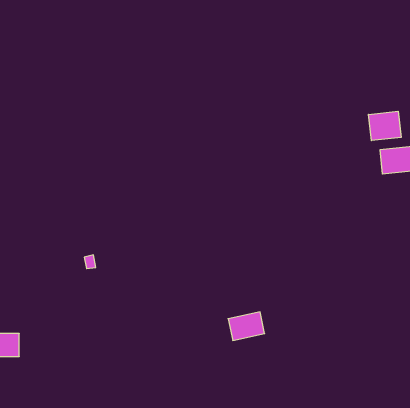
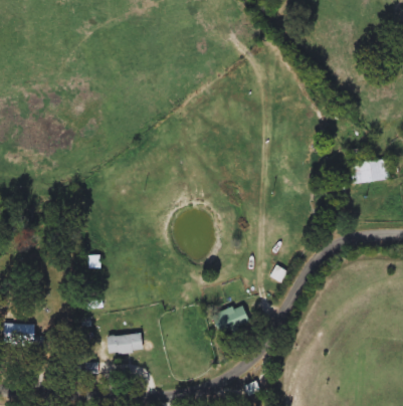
building: [368,111,401,141] -> none
building: none -> [106,335,144,353]

